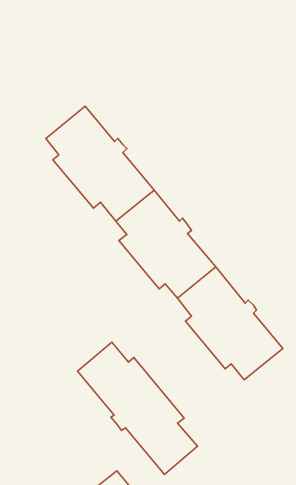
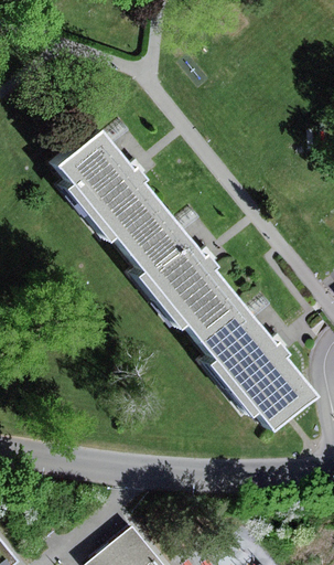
building: [77,342,198,474] -> none

